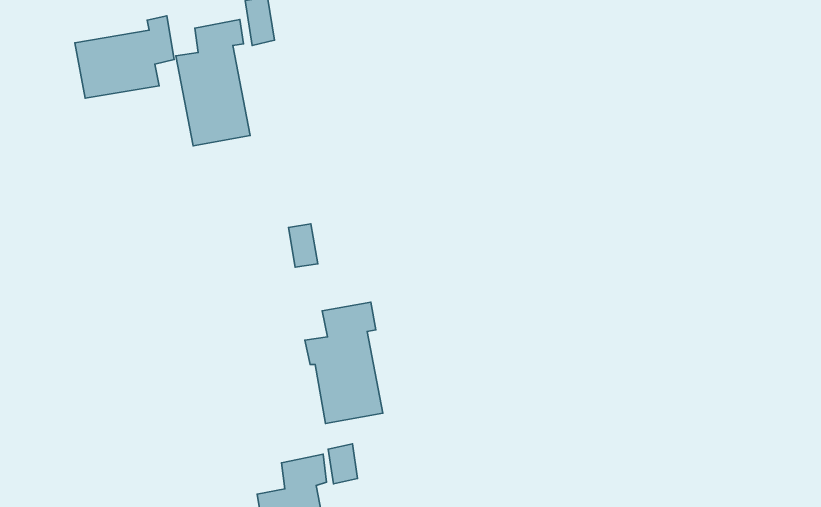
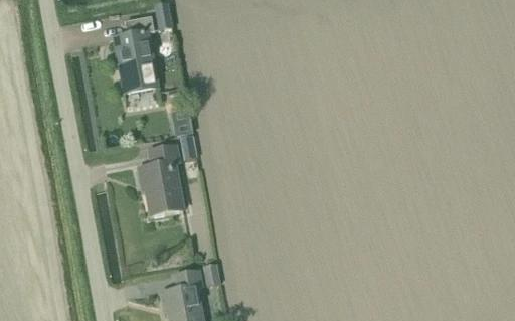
building: [75,16,174,98] -> none
building: [305,302,383,423] -> [138,145,183,215]

